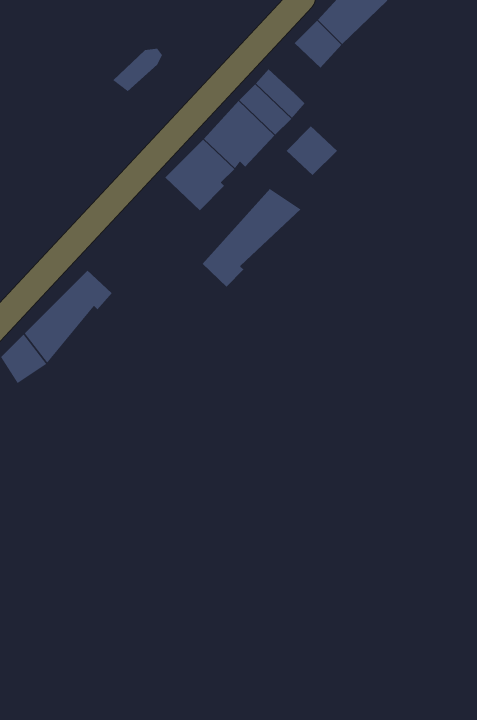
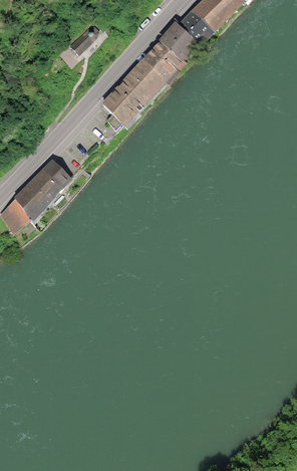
building: [286,126,338,176] -> [163,27,194,57]
building: [202,188,302,287] -> none

